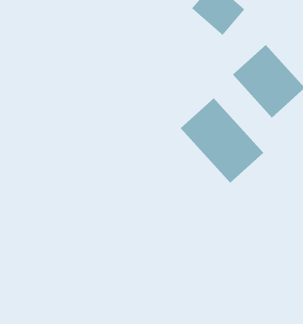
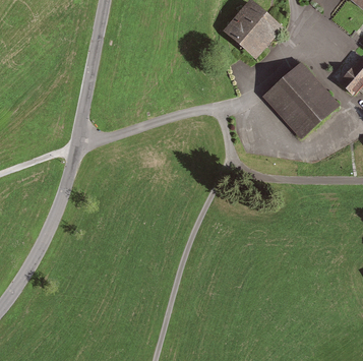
building: [180,97,264,183] -> none

